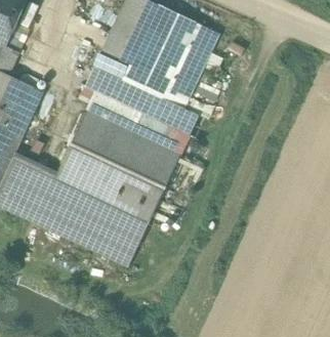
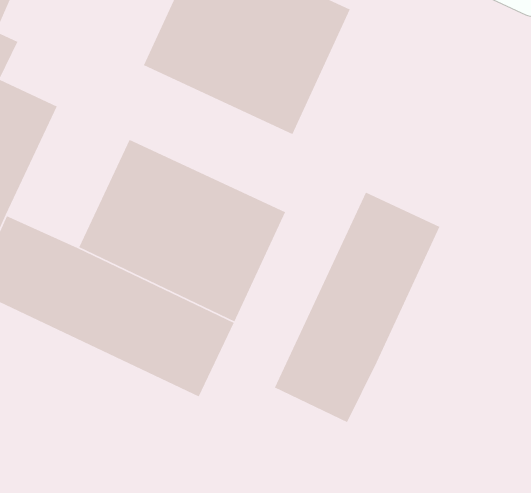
building: [83,67,189,155] -> none
building: none -> [274,192,441,423]

